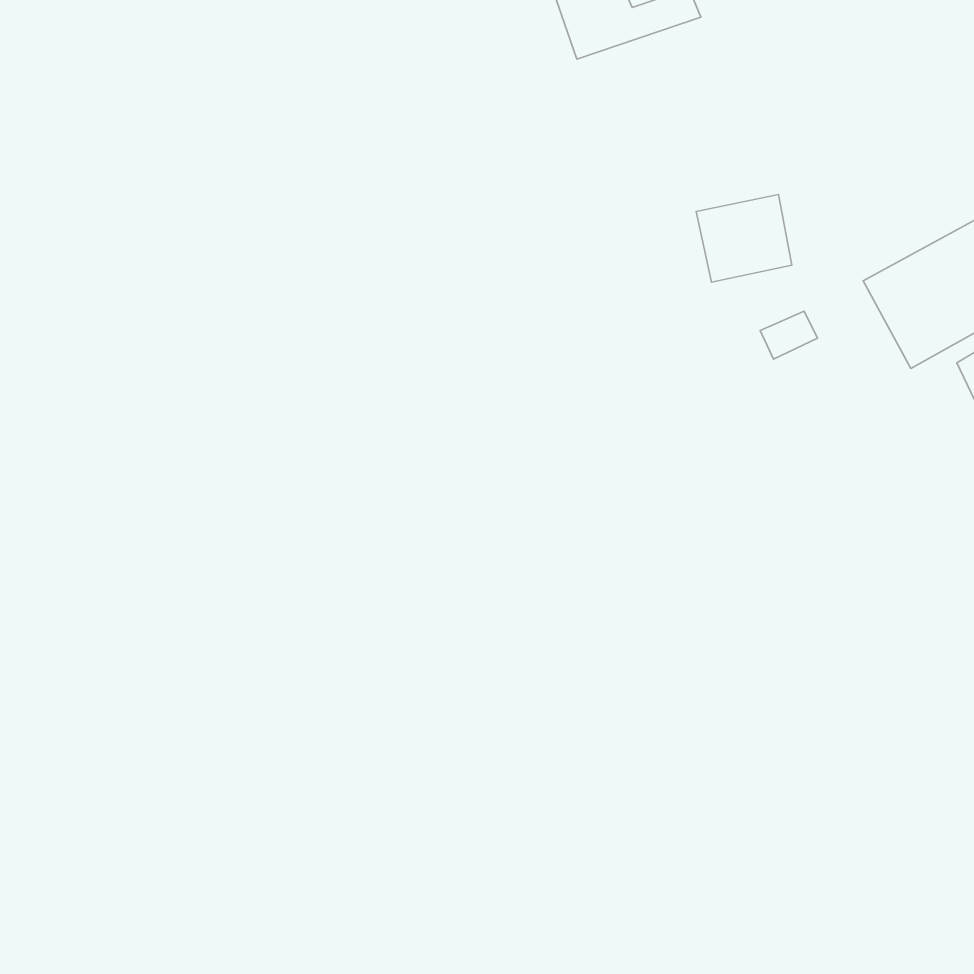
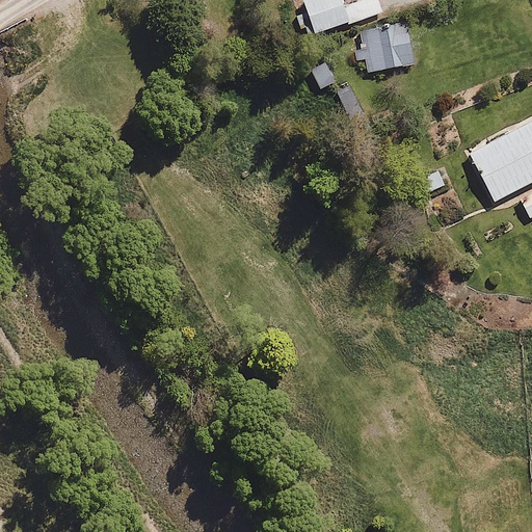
building: [696,194,792,282] -> [362,23,414,71]

